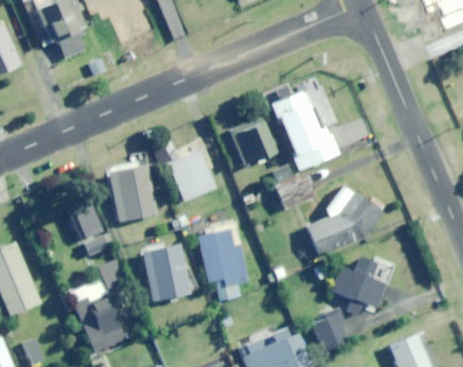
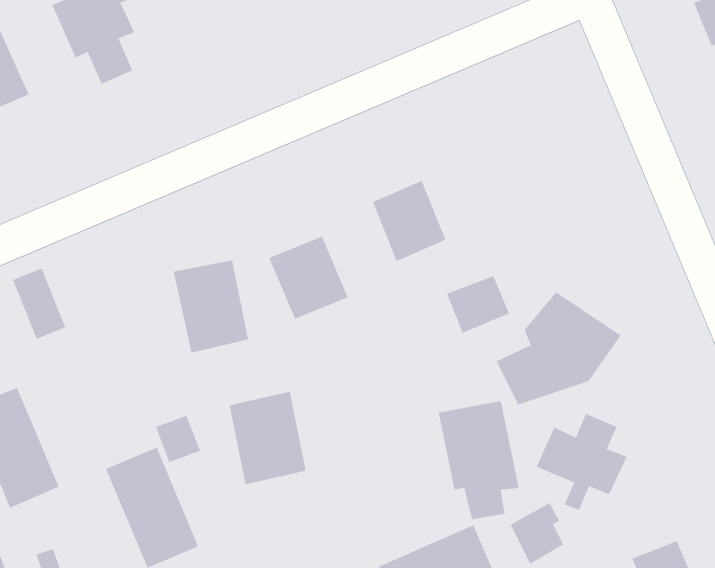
building: [268,91,338,172] -> none
building: [76,211,109,254] -> [12,268,66,340]
building: [199,228,248,300] -> [438,400,519,520]

